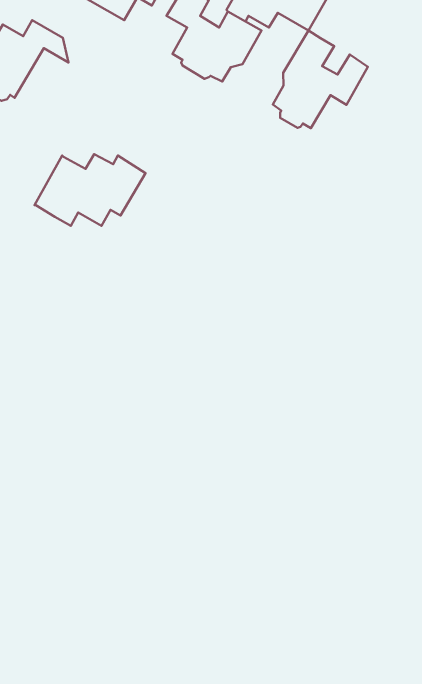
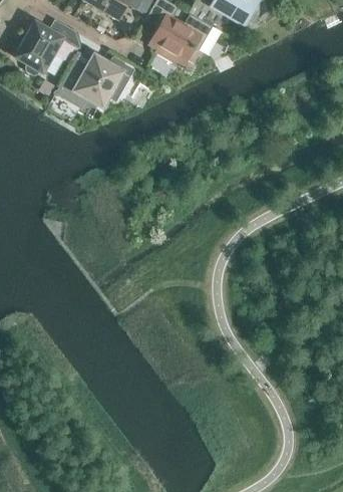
building: [273,30,368,128] -> none
building: [34,154,145,226] -> [56,57,132,106]

